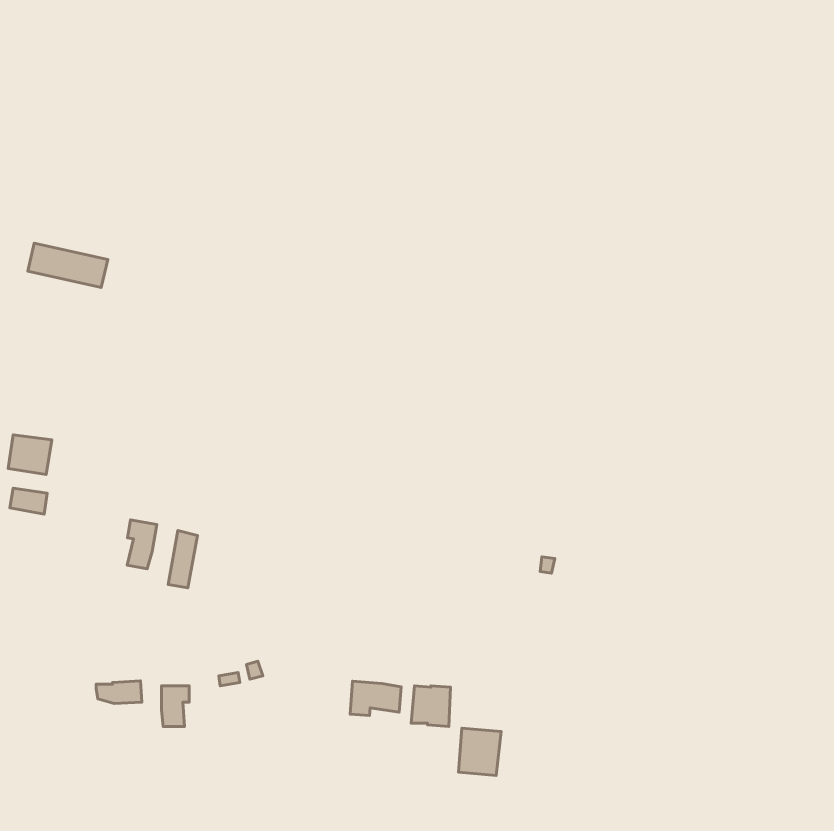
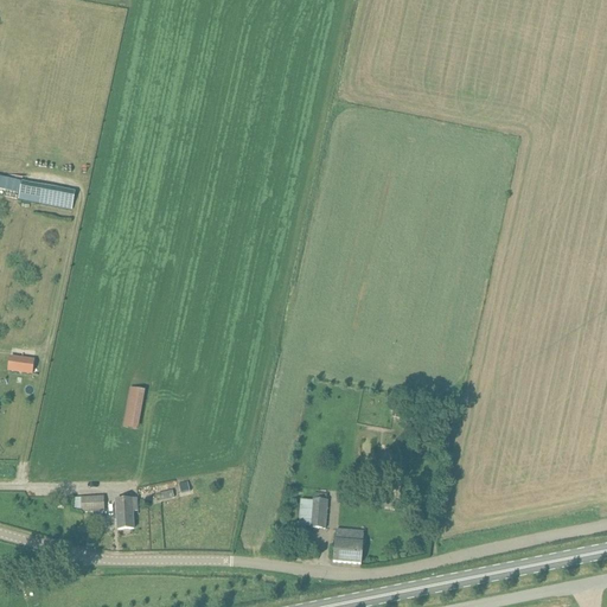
building: [8,435,52,475] -> none
building: [127,520,157,569] -> none
building: [350,681,401,716] -> none

